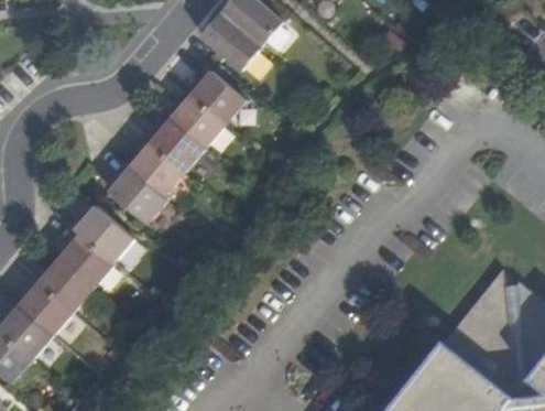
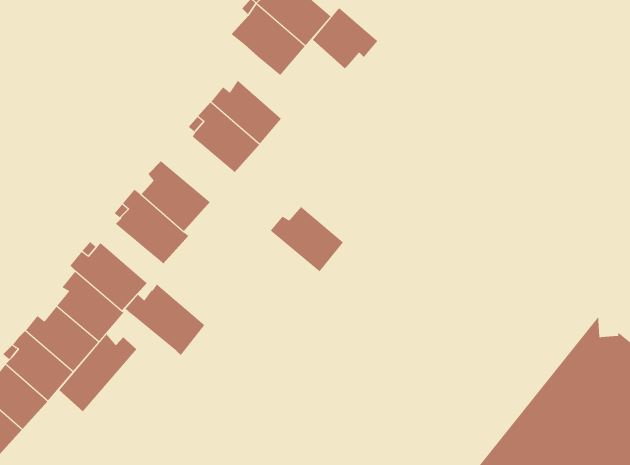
building: none -> [312,7,378,69]
building: [143,120,204,174] -> [270,206,344,272]
building: none -> [125,284,205,356]
building: none -> [58,333,137,412]

